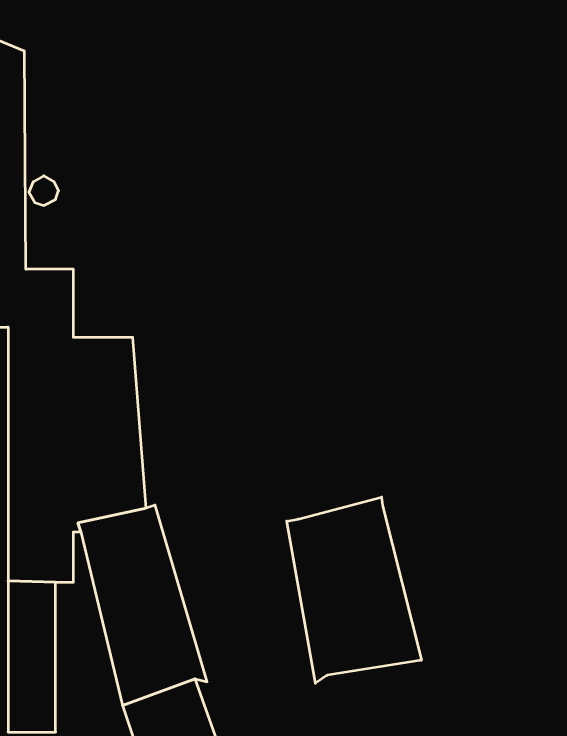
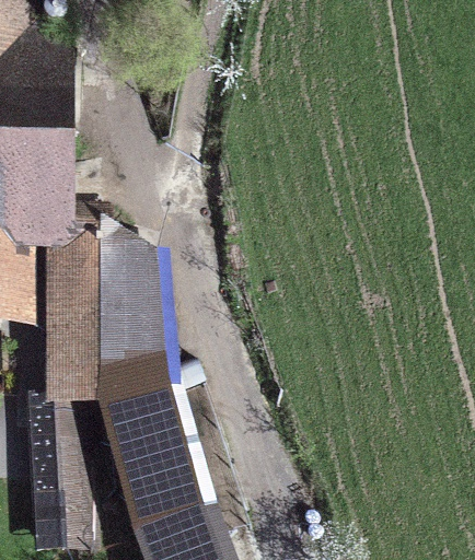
building: [287,497,421,683] -> none

